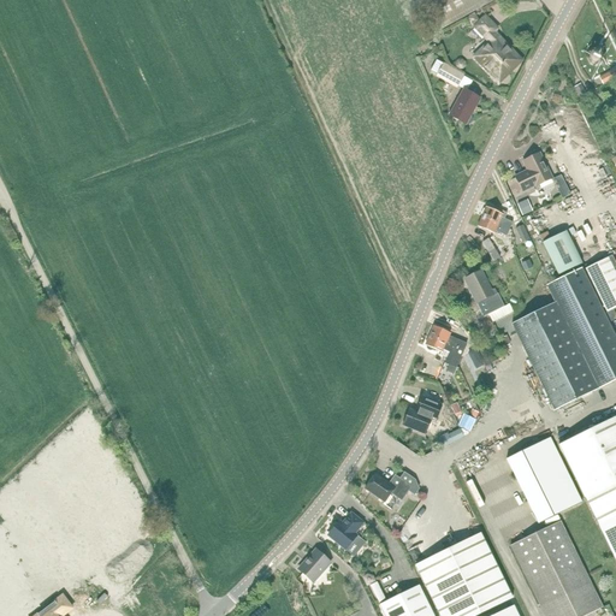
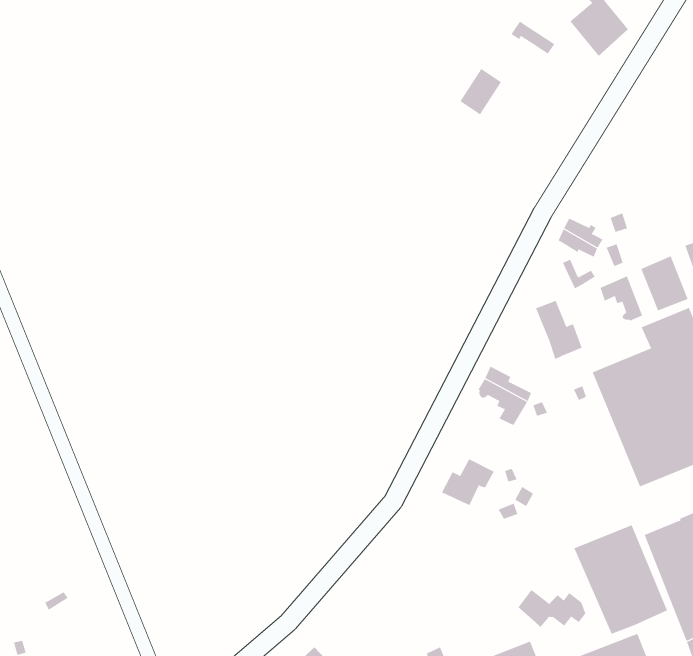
building: [449,87,480,123] -> [460,68,502,115]
building: [514,153,551,190] -> none
building: none -> [600,276,643,322]
building: [365,472,417,500] -> [517,589,586,628]
building: [327,511,363,547] -> none

